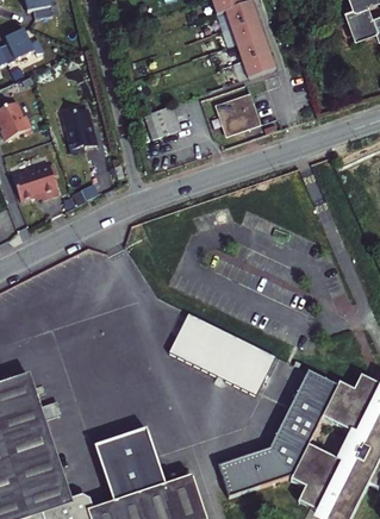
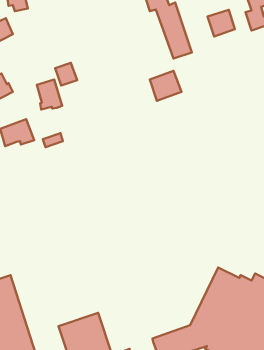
building: none -> [208,10,235,36]
building: [148,100,177,131] -> [55,63,77,86]
building: [169,313,274,393] -> none

